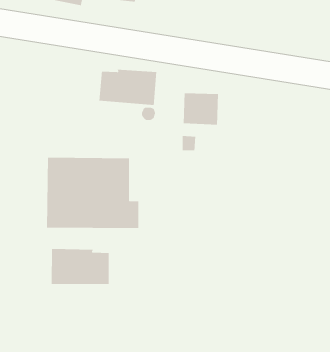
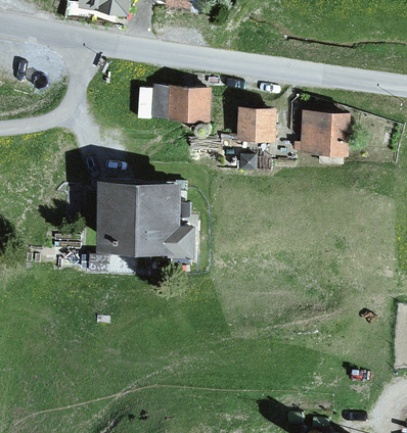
building: none -> [300,109,349,166]
building: [51,248,110,285] -> none

